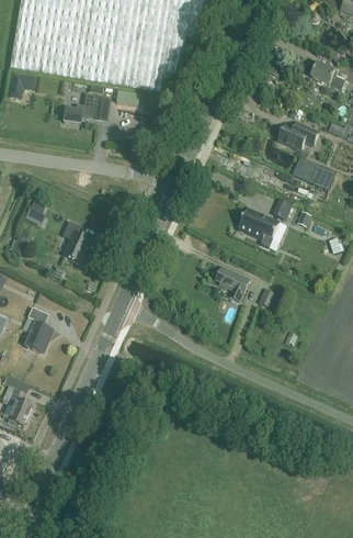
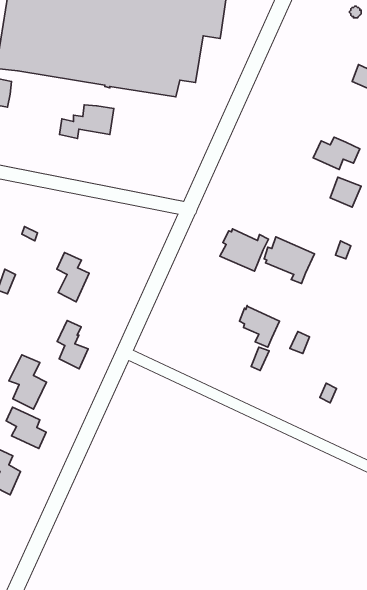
building: none -> [220,229,268,271]
building: none -> [57,321,88,369]
building: none -> [6,407,46,448]

